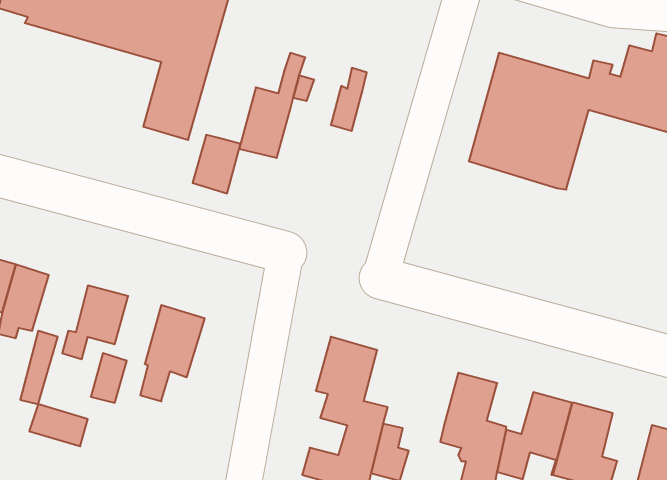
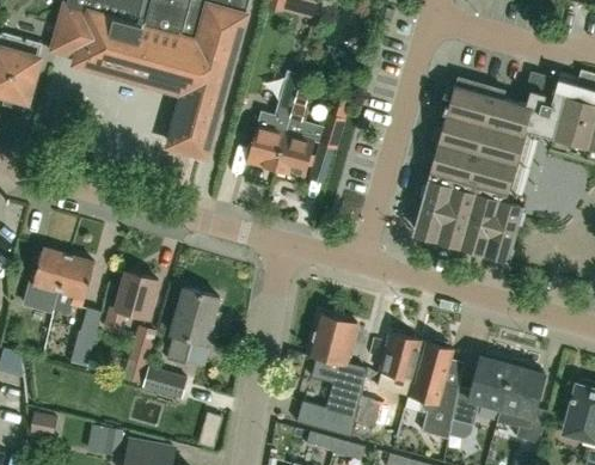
building: [193,135,241,193] -> [276,131,314,178]
building: none -> [412,172,523,252]
building: none -> [380,332,421,380]
building: [29,404,88,446] -> [141,366,188,399]

